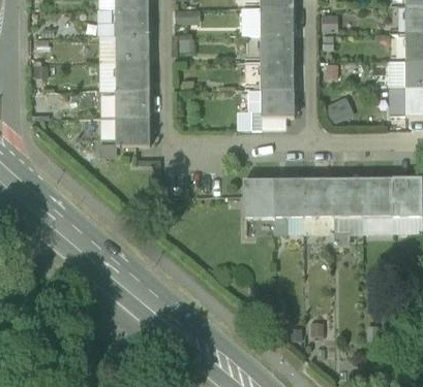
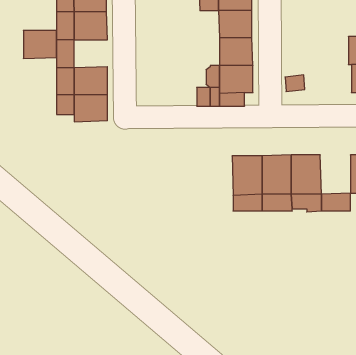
building: [116,63,149,91] -> [23,30,57,58]
building: [361,178,391,217] -> none
building: [244,179,274,218] -> none

